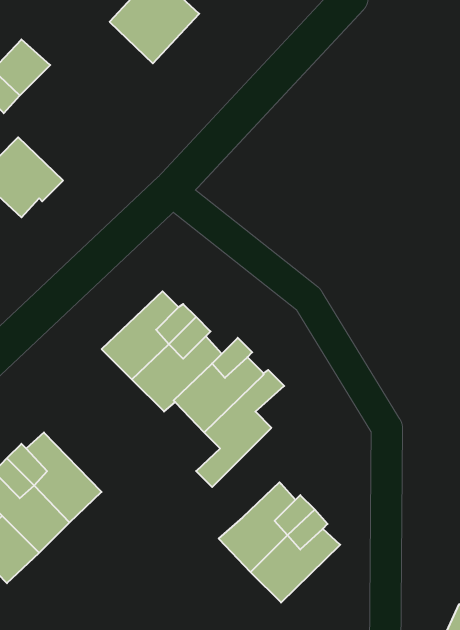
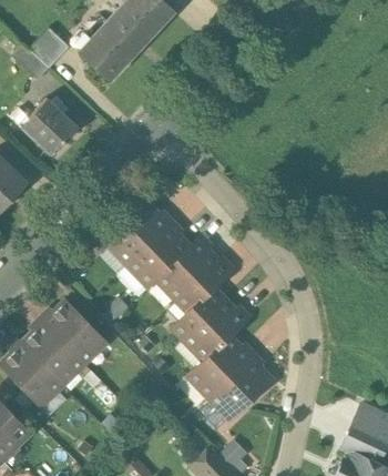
building: none -> [80,19,142,82]
building: none -> [183,300,249,362]

